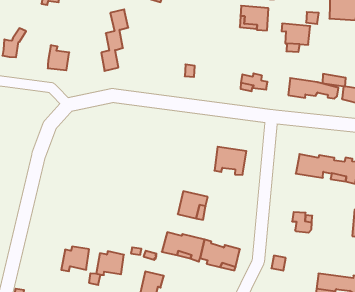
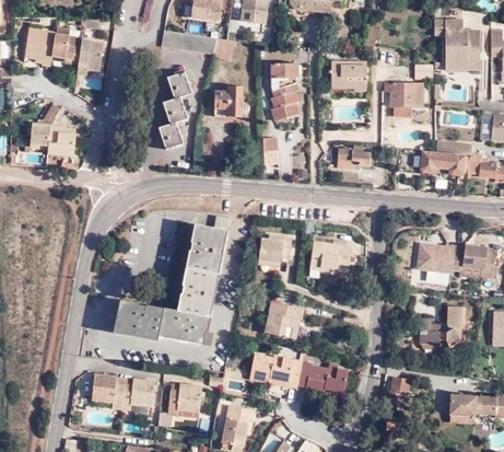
building: none -> [271,62,301,121]
building: none -> [214,86,243,115]
building: [48,45,69,70] -> [49,121,75,152]
building: none -> [118,218,225,340]
building: none -> [259,233,291,259]
building: none -> [446,305,465,352]
building: none -> [92,373,126,409]

